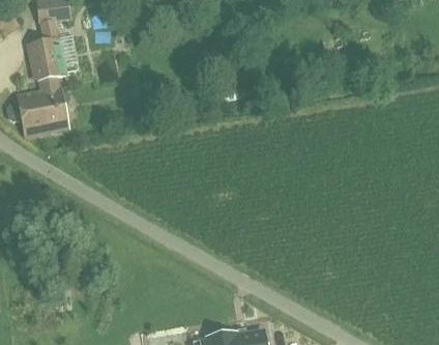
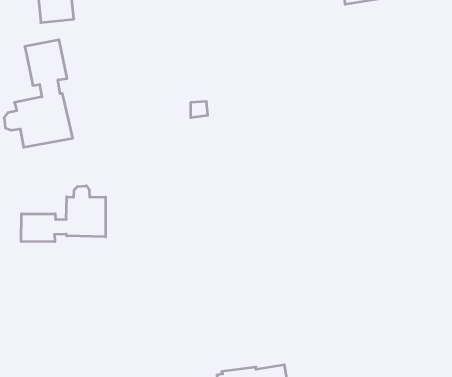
building: none -> [21,186,106,242]

